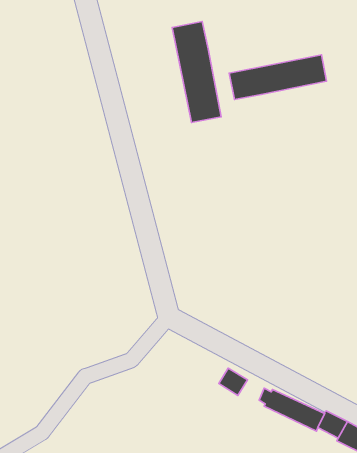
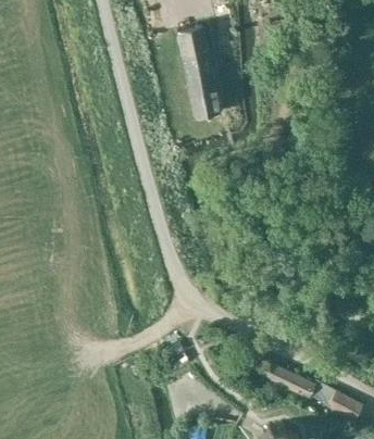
building: [229,55,327,99] -> none

